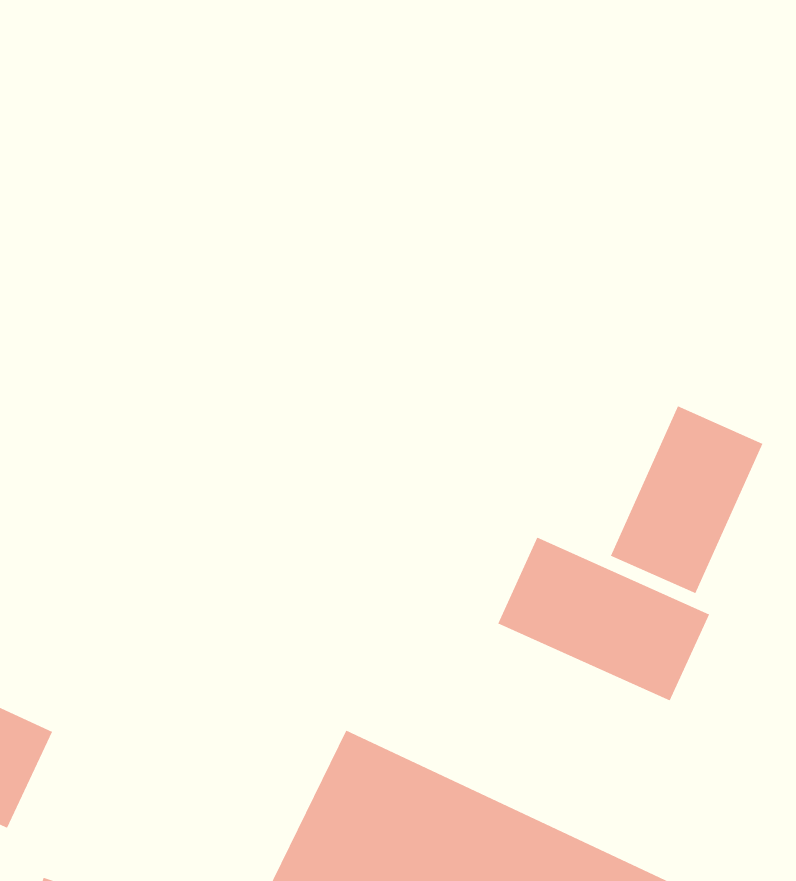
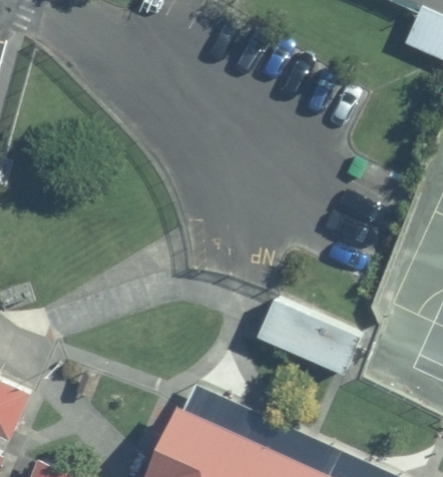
building: [610,405,763,594] -> none

